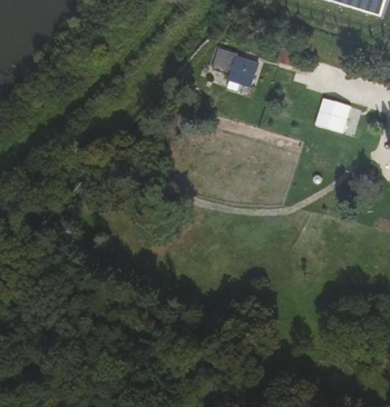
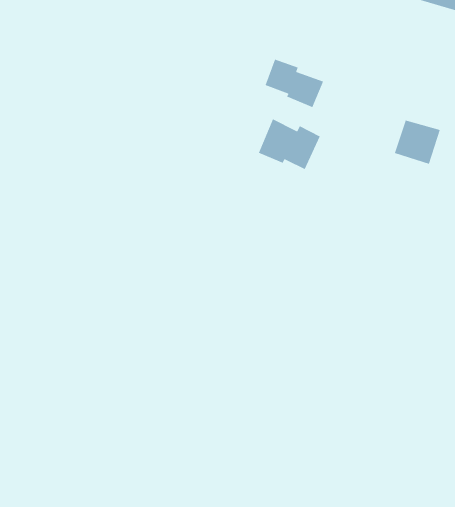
building: none -> [258,118,321,170]

